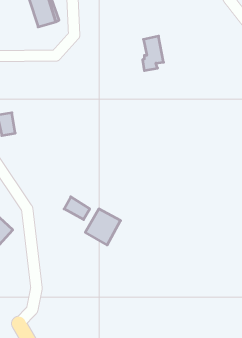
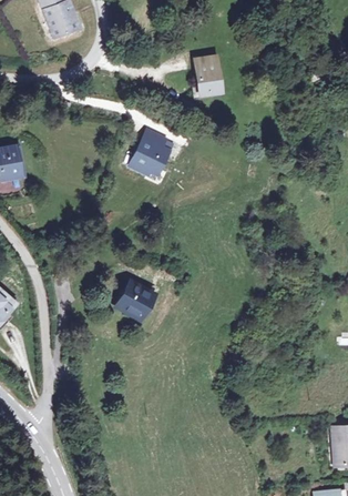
building: none -> [125,124,175,182]
building: [64,197,90,220] -> none

